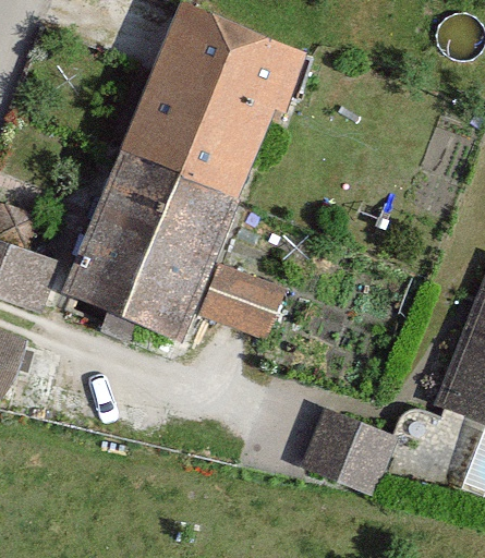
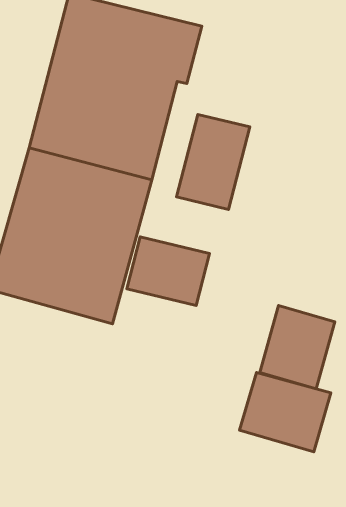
building: none -> [176,114,250,209]
building: none -> [260,306,335,389]

